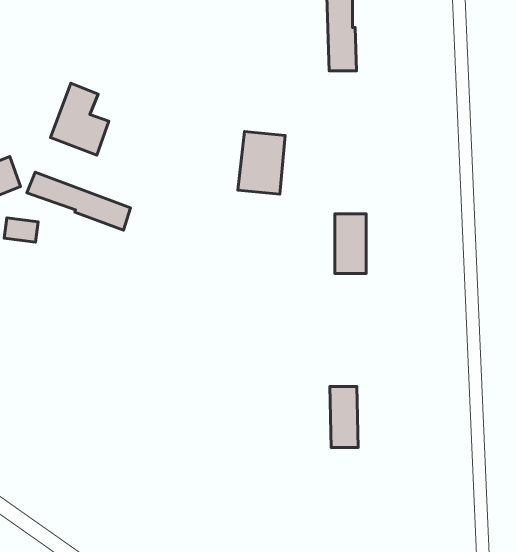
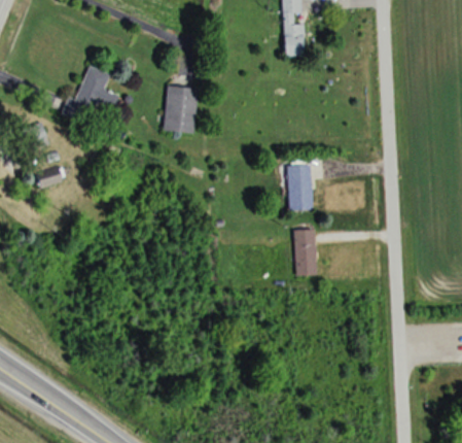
building: [238,132,285,194] -> [163,86,199,133]
building: [27,172,131,230] -> none
building: [330,386,358,448] -> [294,230,316,276]

